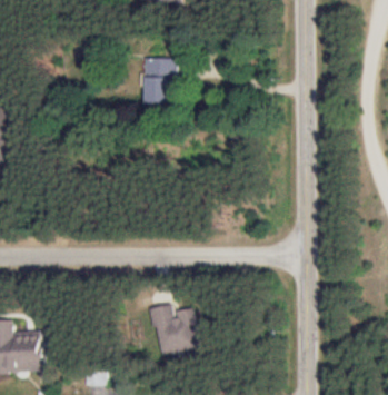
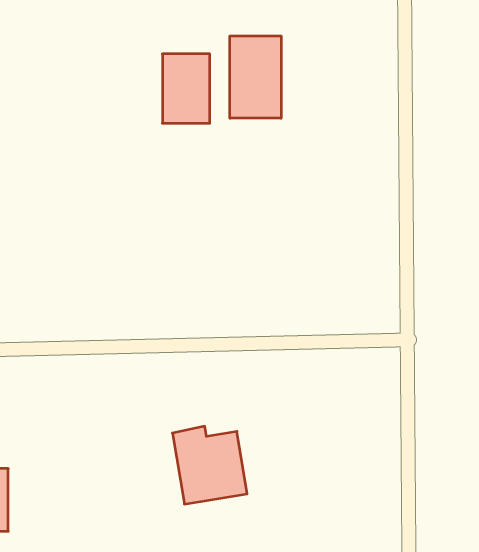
building: none -> [230,36,281,118]

